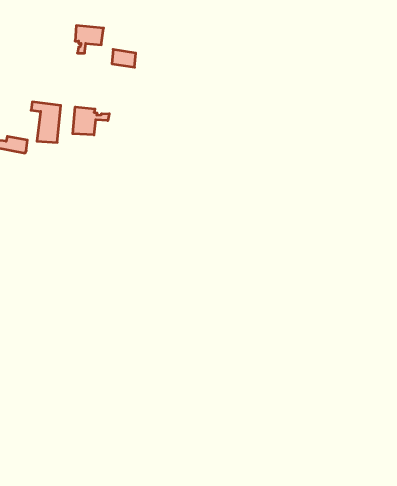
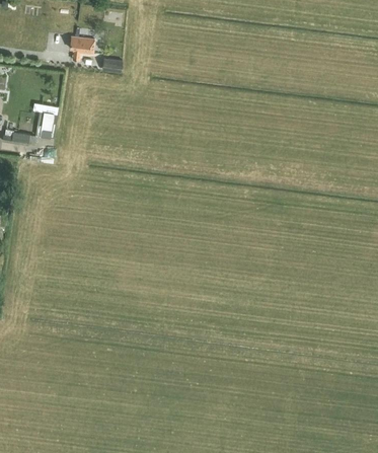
building: [73,107,109,135] -> none

